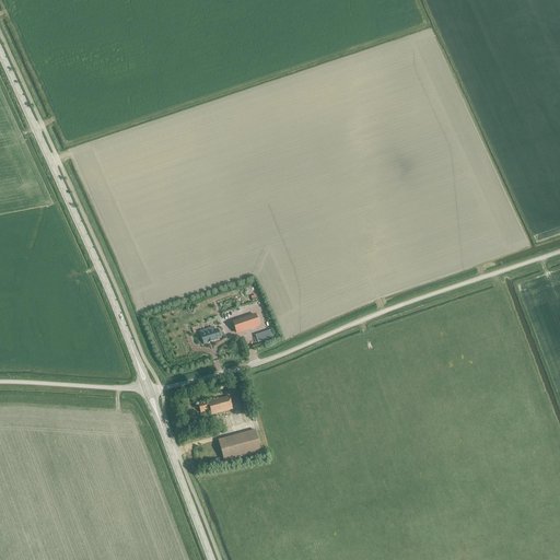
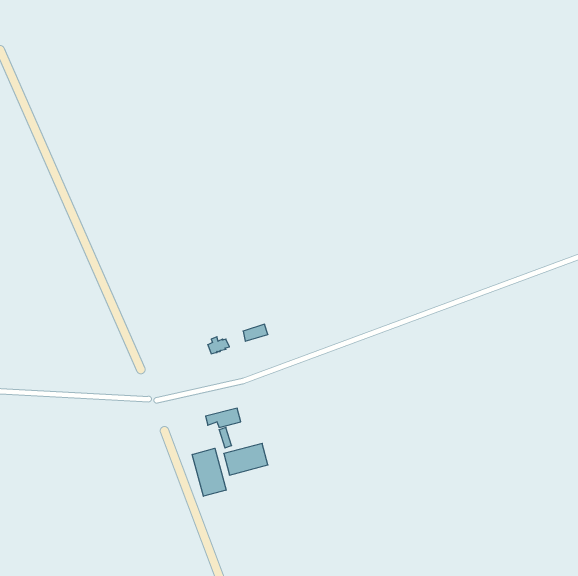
building: none -> [192,448,226,496]

